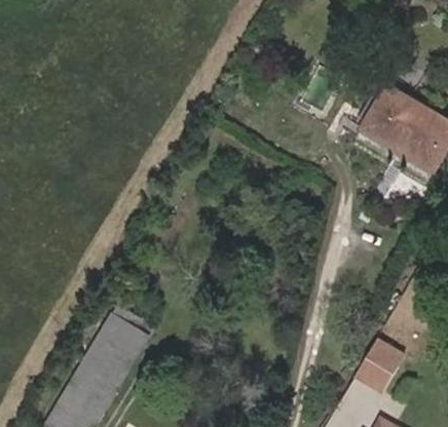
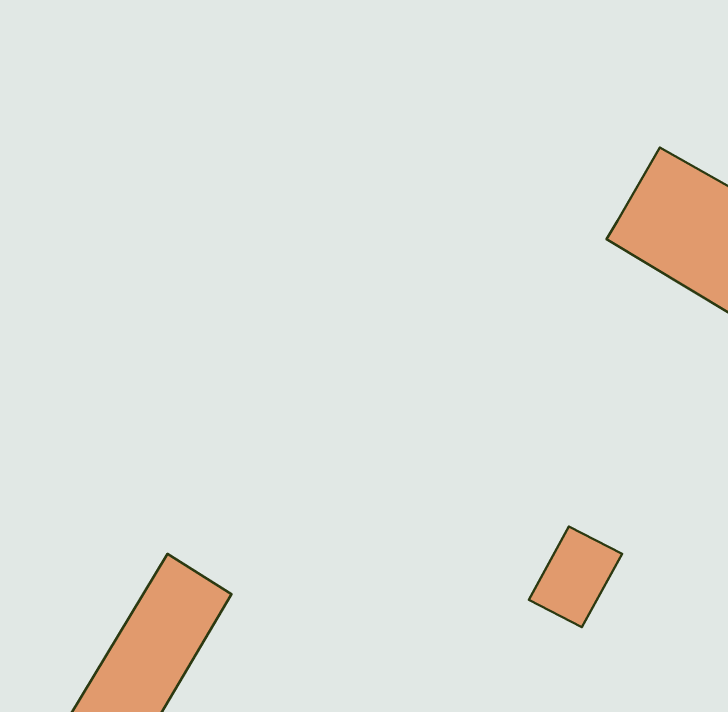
building: [354,332,407,388] -> [529,527,622,627]

